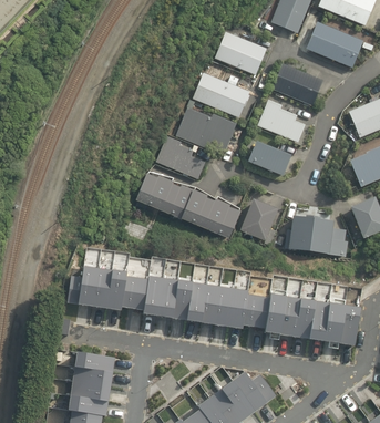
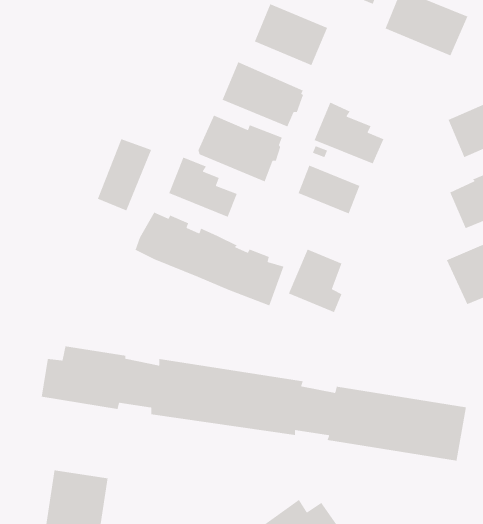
building: [270,61,321,104] -> none
building: none -> [97,138,152,212]
building: [283,213,347,254] -> none

